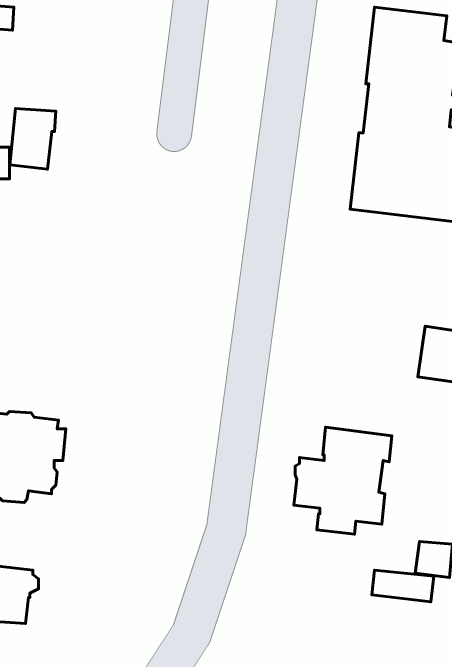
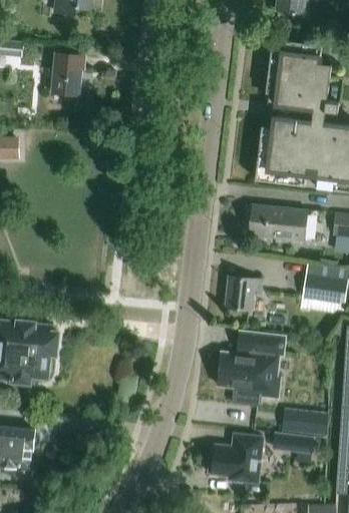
building: [10,108,56,169] -> [53,54,85,96]
building: none -> [248,207,306,242]
building: none -> [225,278,262,313]
building: none -> [208,437,263,484]

